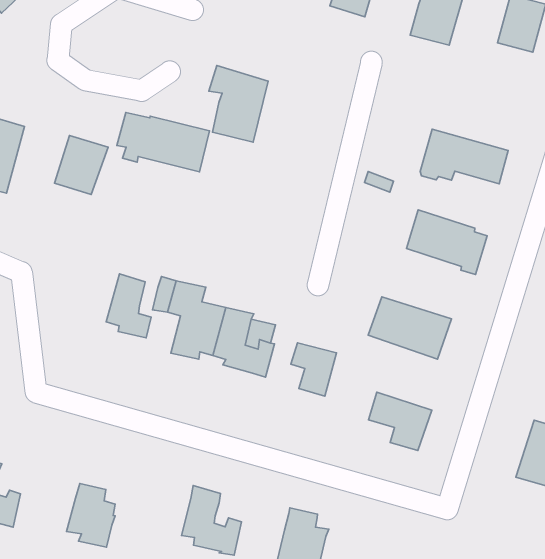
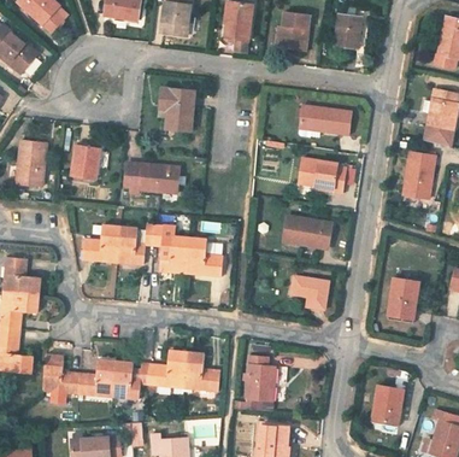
building: [117,112,210,172] -> [124,164,181,194]
building: none -> [82,225,120,262]
building: [291,343,337,396] -> none
building: none -> [78,359,116,396]
building: none -> [140,351,187,387]

